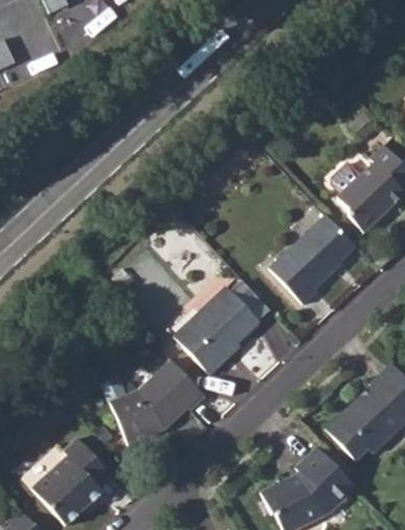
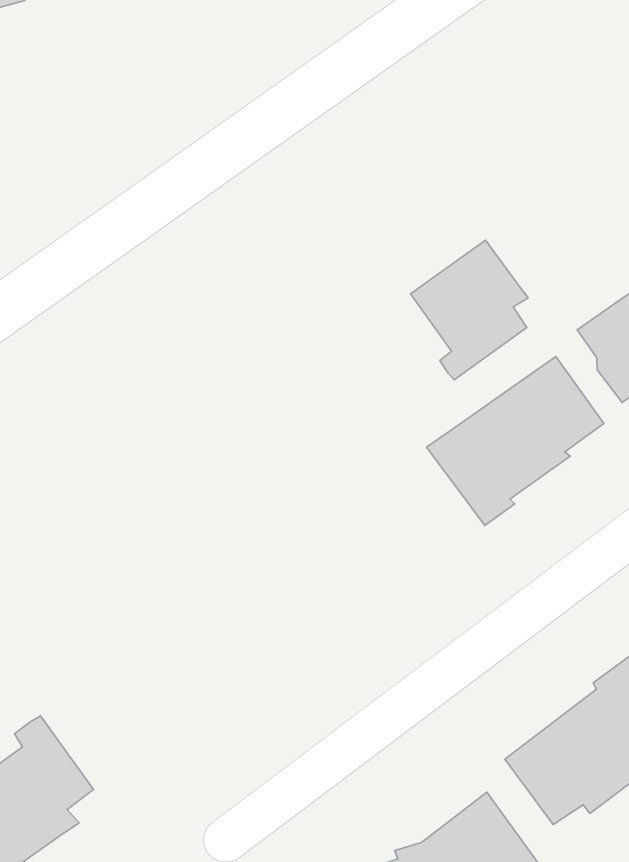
building: none -> [411,240,528,380]
building: [174,286,261,374] -> none
building: [112,358,206,441] -> none

